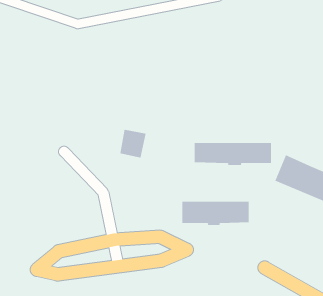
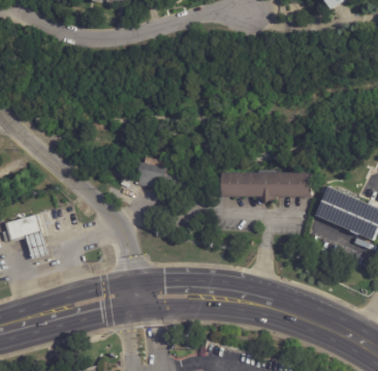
building: none -> [6,213,49,258]
building: [182,201,249,226] -> none

